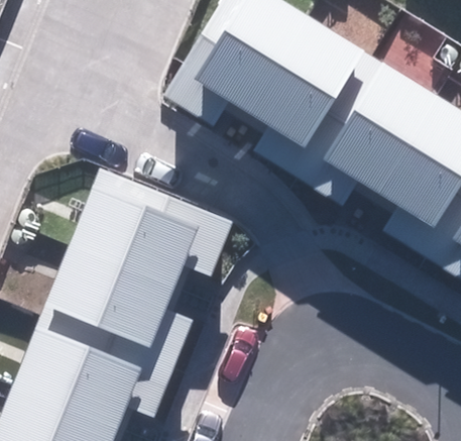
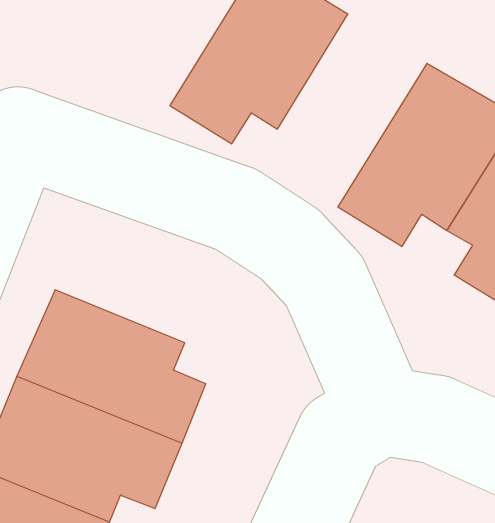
building: [252,18,374,176] -> none
building: [71,168,236,287] -> none

